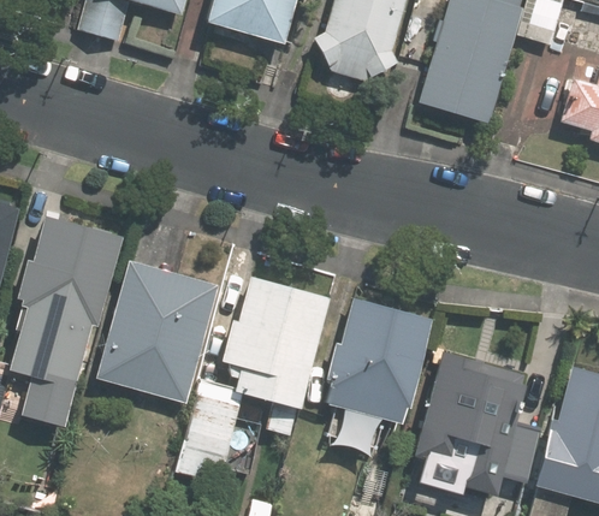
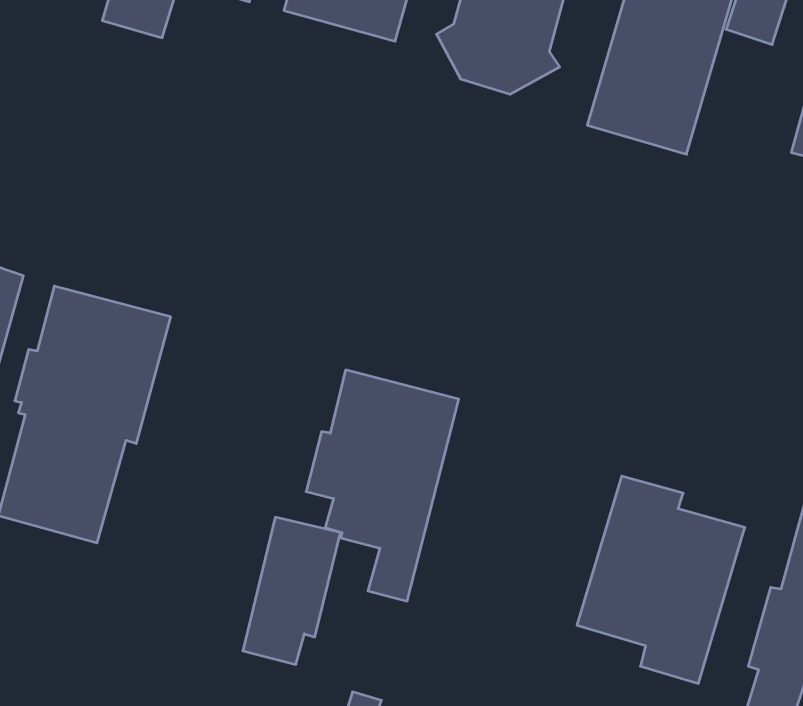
building: [94,259,220,403] -> none
building: [326,296,431,453] -> none

